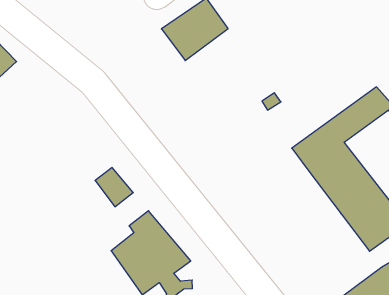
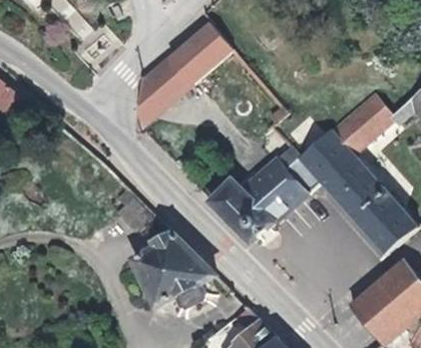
building: none -> [135,57,190,130]
building: none -> [207,147,316,239]

